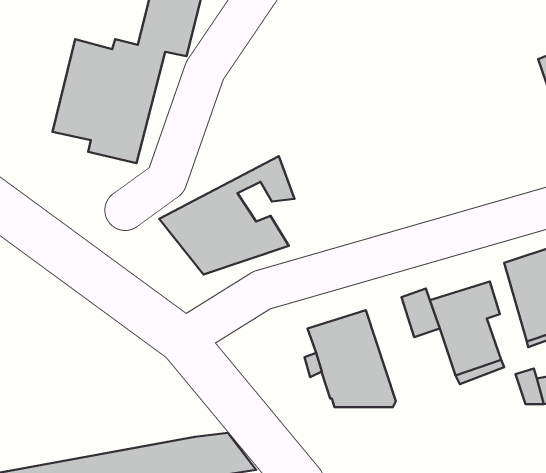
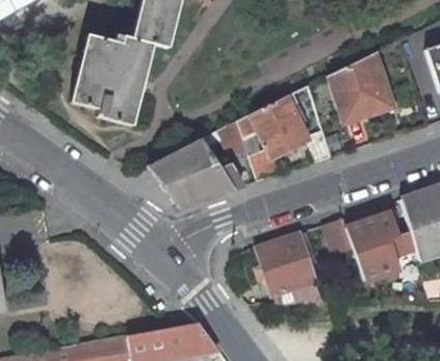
building: none -> [331,53,390,120]
building: none -> [237,85,333,181]

